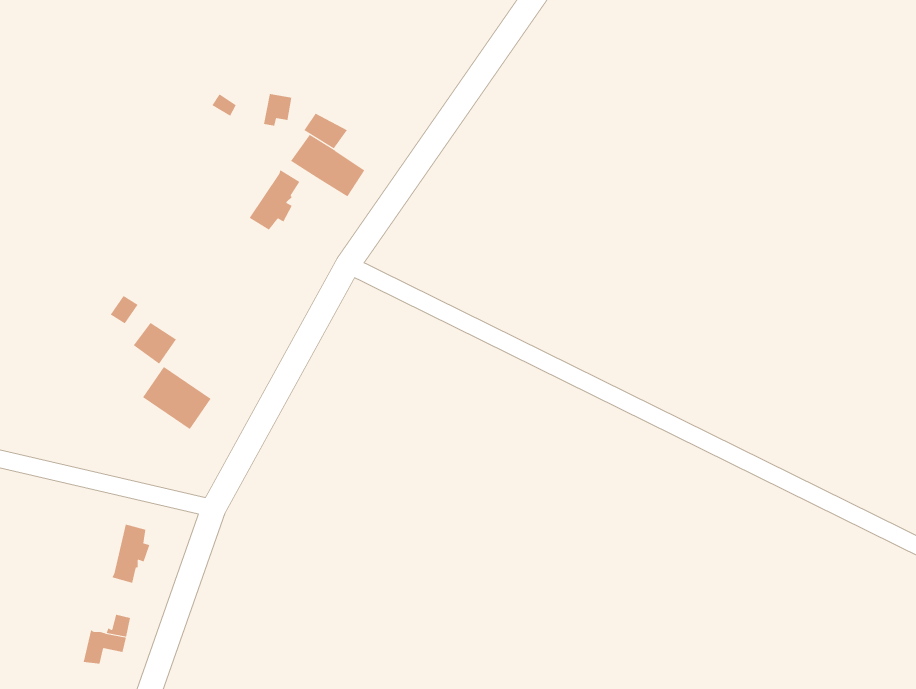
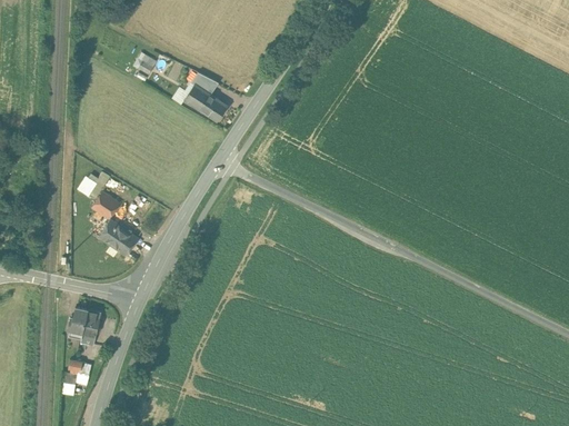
building: [249,169,300,230] -> none
building: none -> [67,307,88,339]

